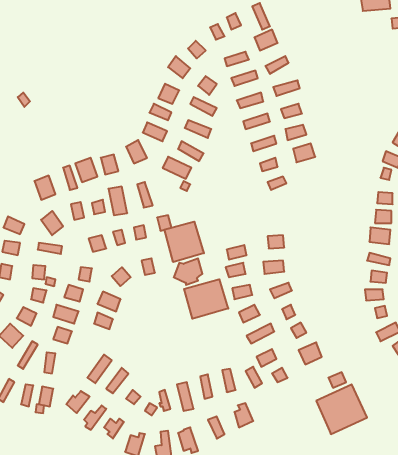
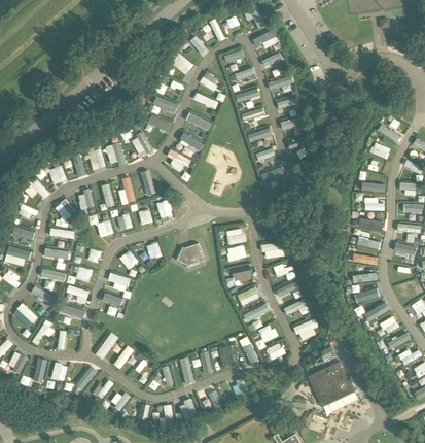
building: [164,222,204,262] -> none
building: [184,279,228,319] -> none

